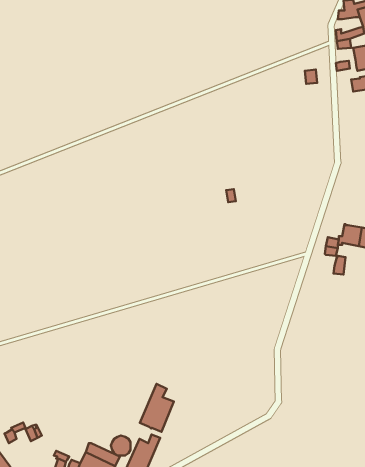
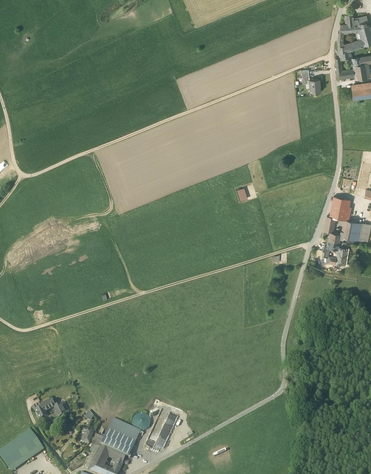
building: none -> [329,196,351,220]
building: [140,384,174,432] -> none

